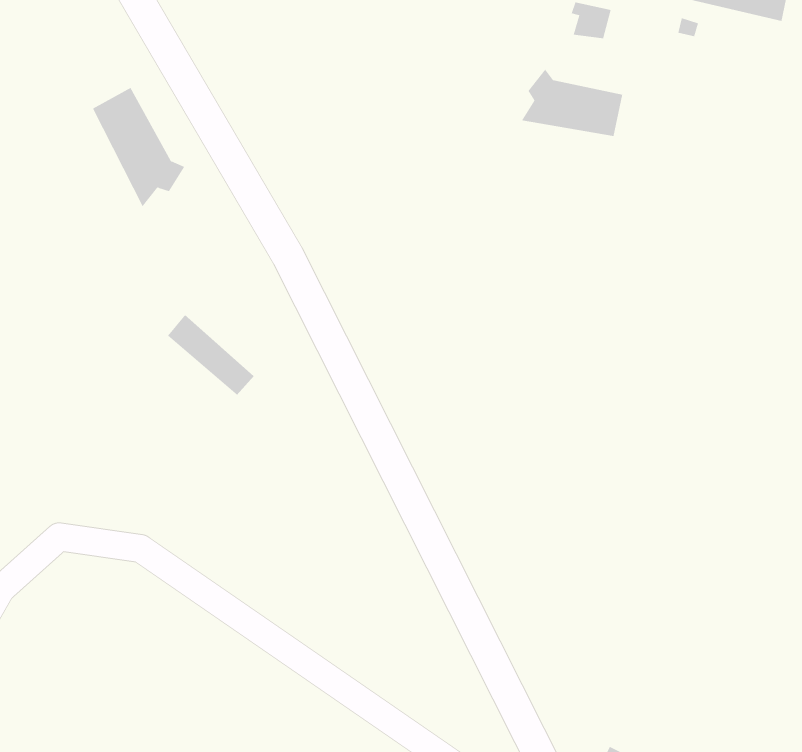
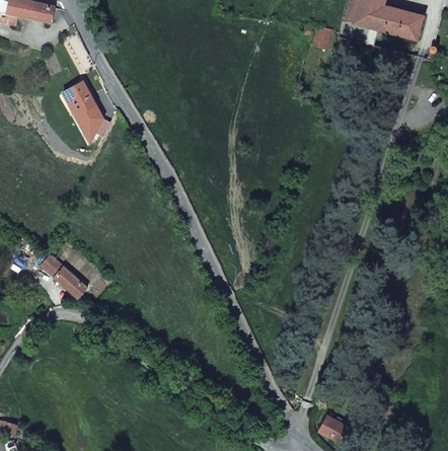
building: [521,69,623,137] -> none
building: [167,314,255,396] -> [40,252,85,295]

